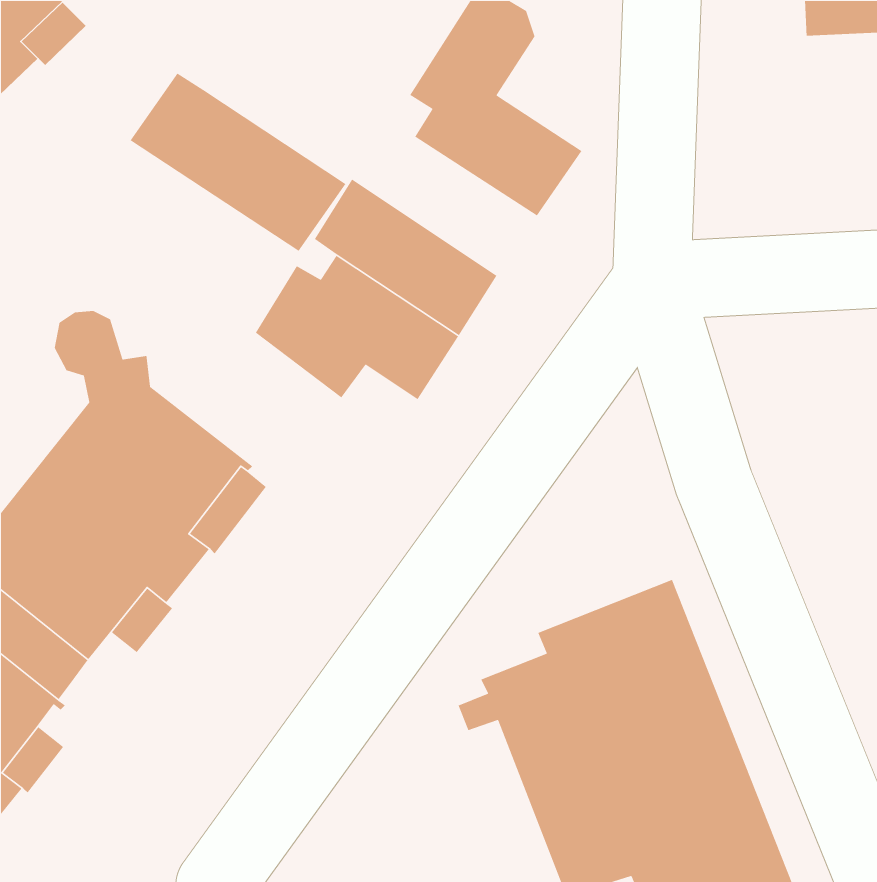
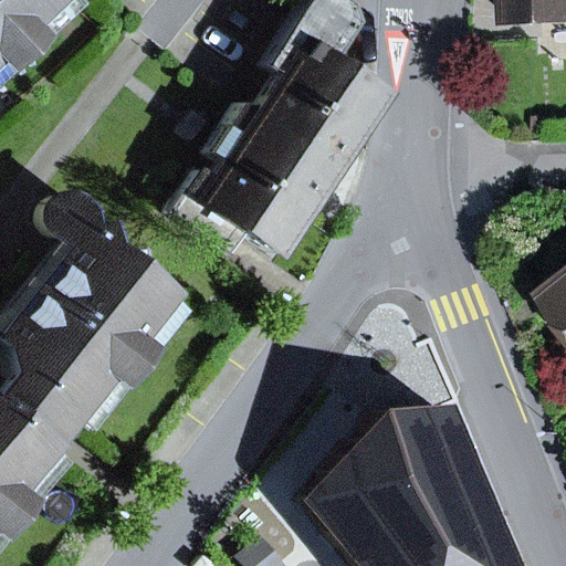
building: [130,72,346,252] -> none
building: none -> [230,90,348,178]

